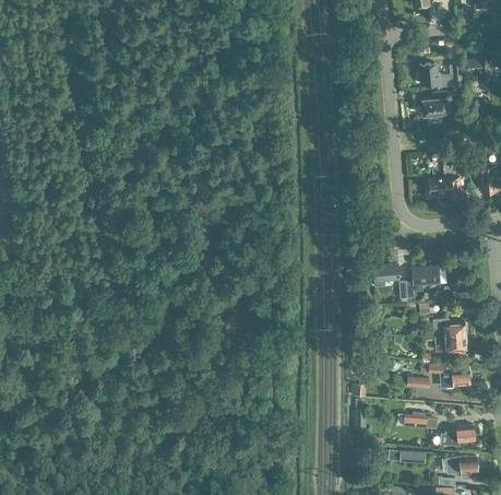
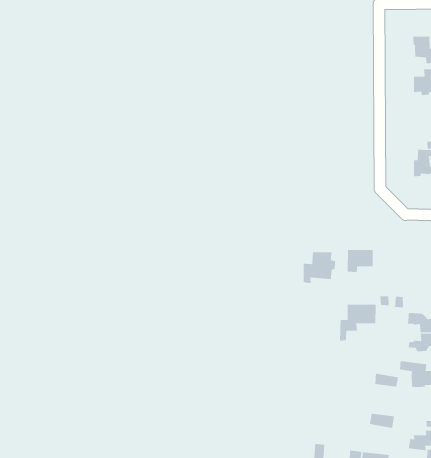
building: [405,266,439,303] -> [339,304,376,342]
building: none -> [303,251,336,284]

